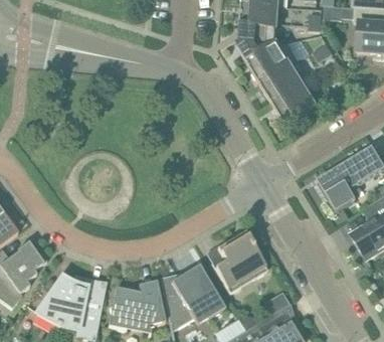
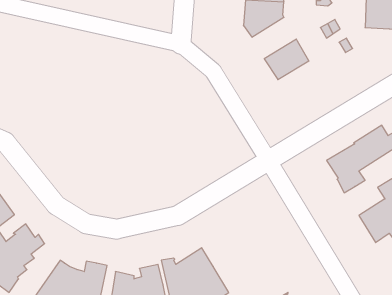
building: [246,41,299,81] -> none
building: [271,83,315,123] -> none
building: [211,231,267,293] -> none

